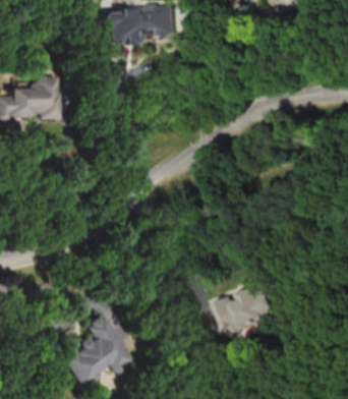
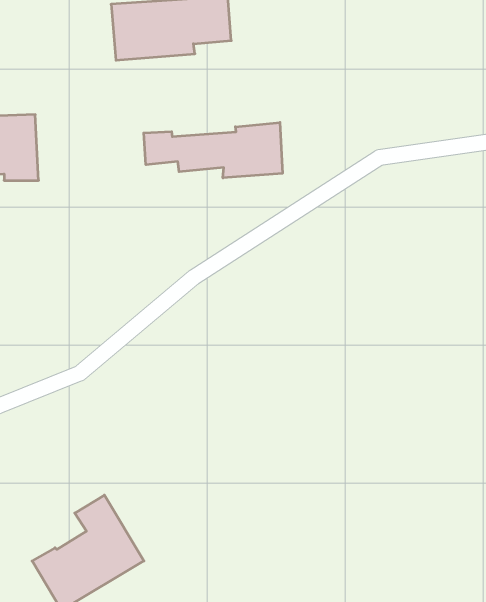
building: none -> [144,122,282,178]
building: [215,286,282,334] -> none

